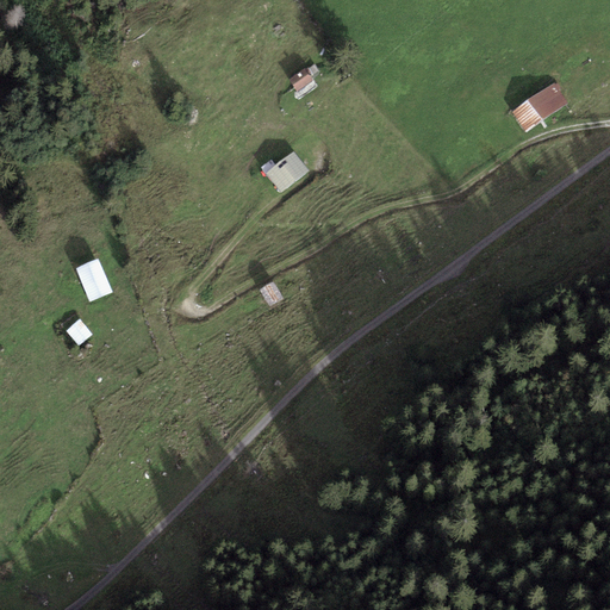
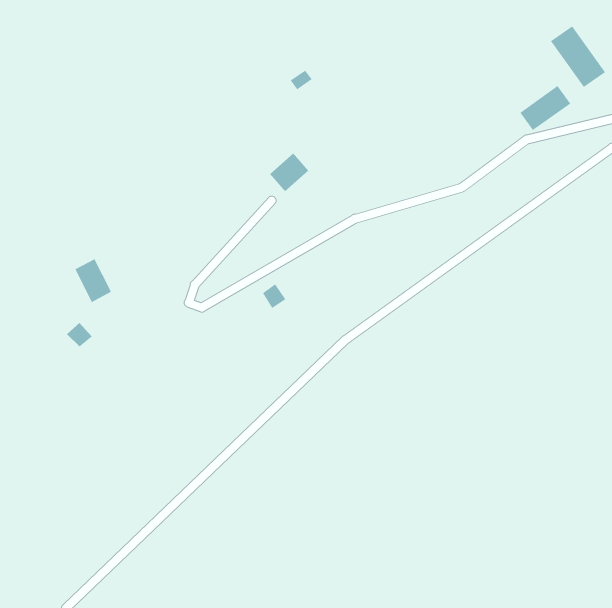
building: none -> [550,25,606,88]

